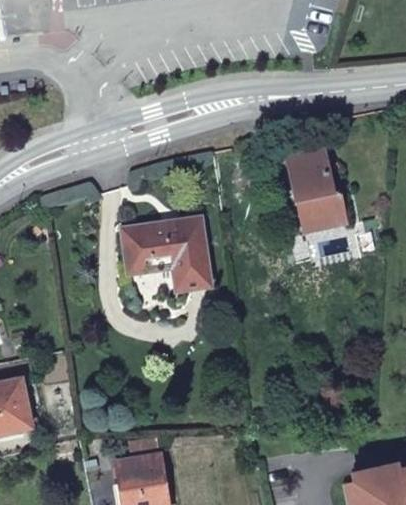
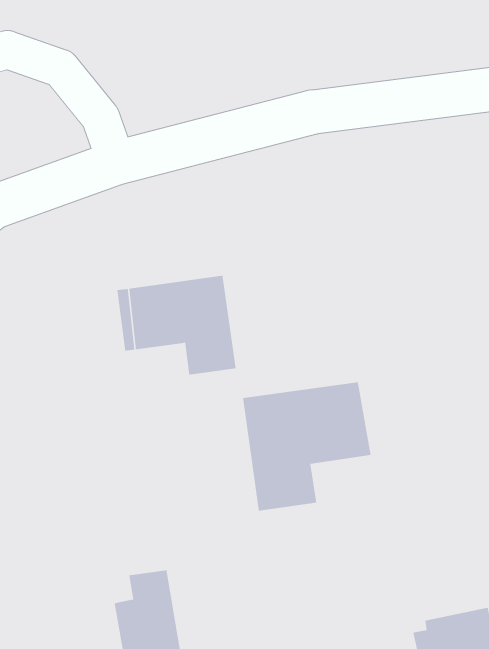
building: [286,144,347,234] -> none
building: none -> [243,381,371,512]

